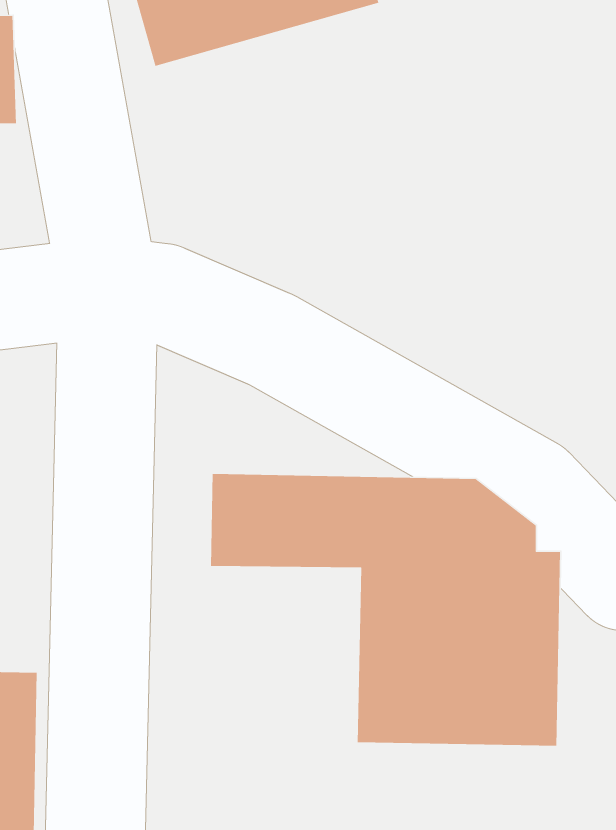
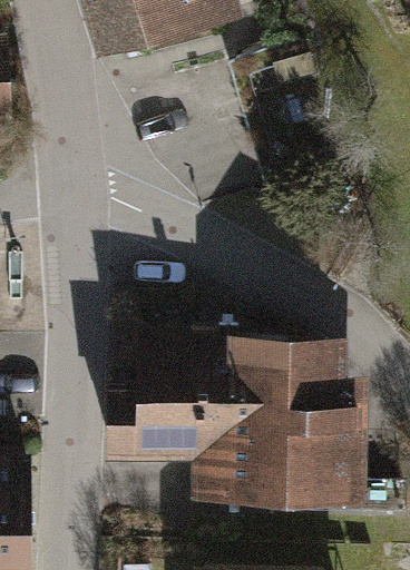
building: none -> [114,385,235,500]

